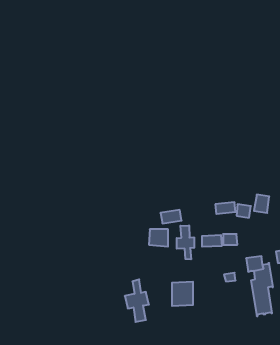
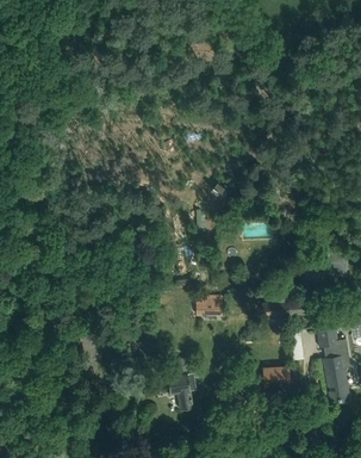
building: [177,225,194,259] -> none
building: [172,282,193,306] -> [262,365,288,395]

